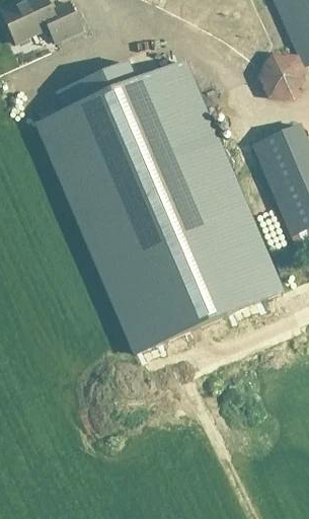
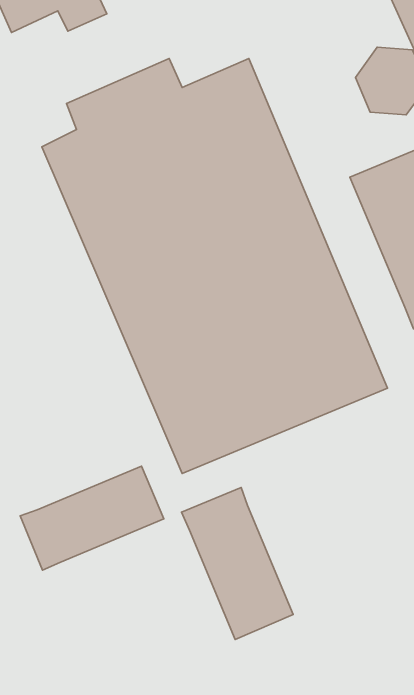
building: none -> [20,466,164,570]
building: none -> [182,488,293,639]

